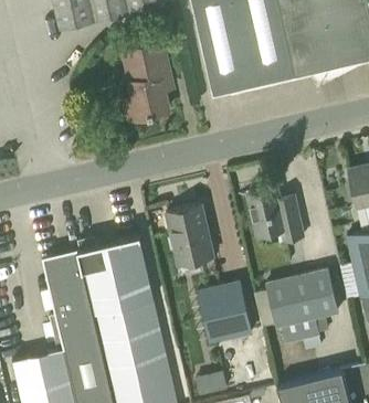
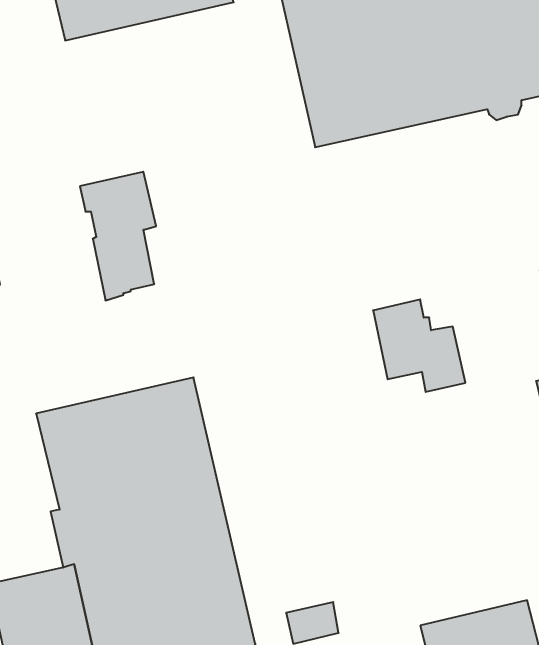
building: [123,42,169,120] -> [80,172,156,300]
building: [167,205,213,265] -> none
building: [265,268,338,346] -> none
building: [181,284,253,349] -> none

